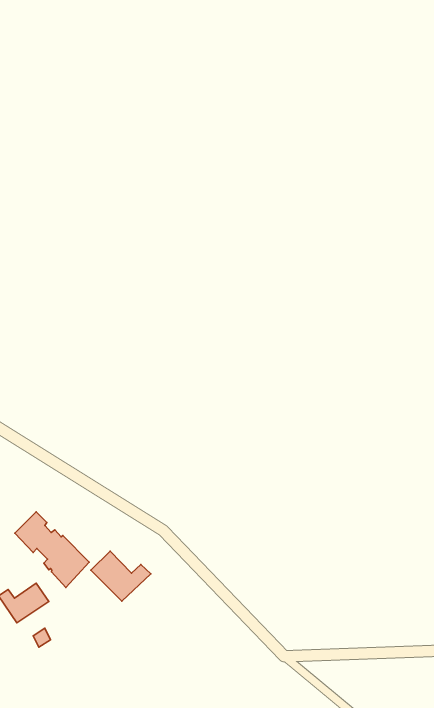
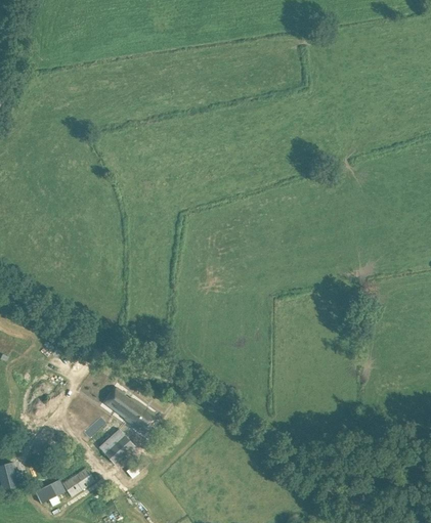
building: [91,551,151,601] -> none

